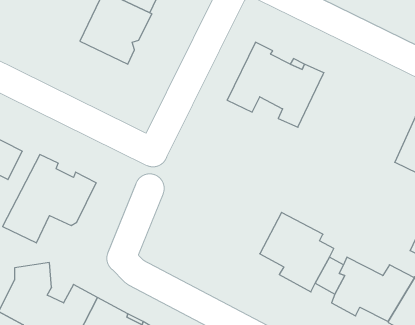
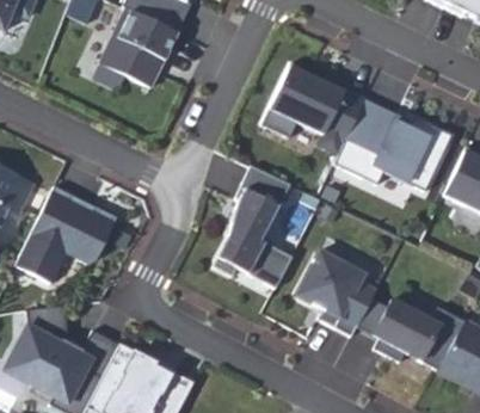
building: none -> [334,100,453,192]
building: none -> [214,166,293,289]

